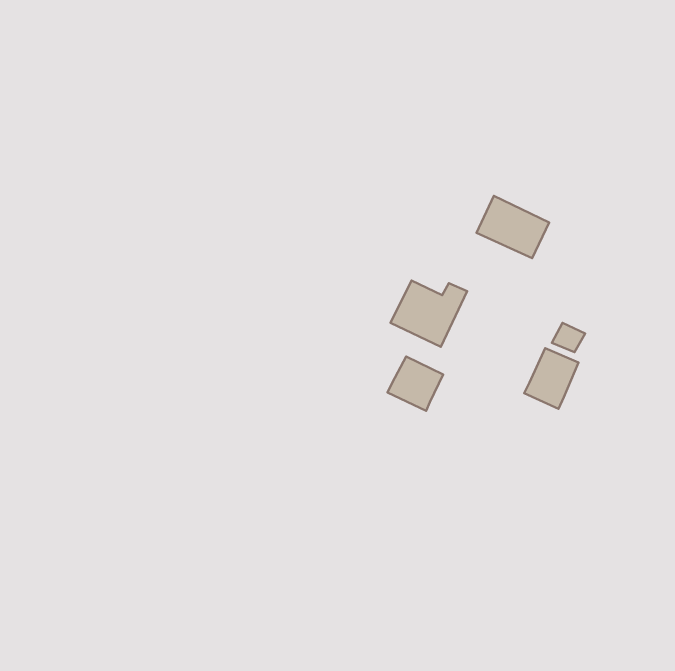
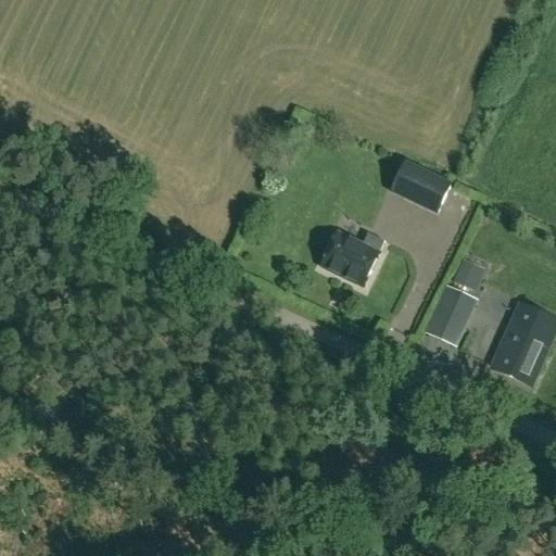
building: [387,356,443,411] -> none
building: none -> [493,299,545,382]

